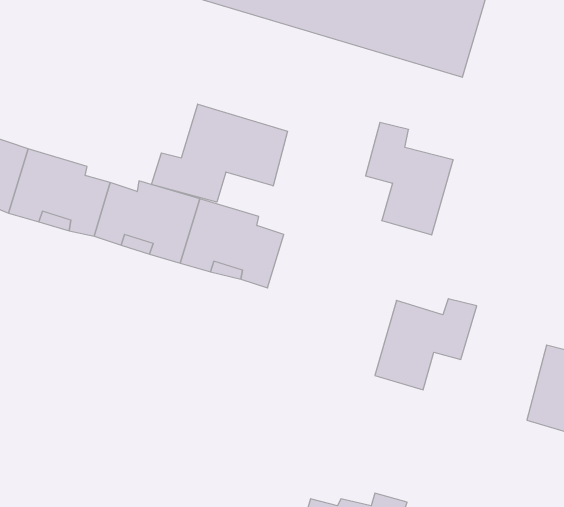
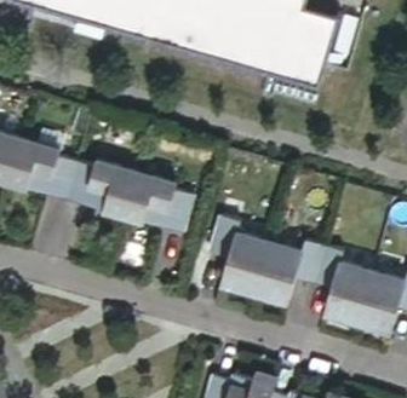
building: [151,104,288,202] -> none
building: [366,122,453,235] -> [211,214,270,290]
building: none -> [314,243,372,321]

